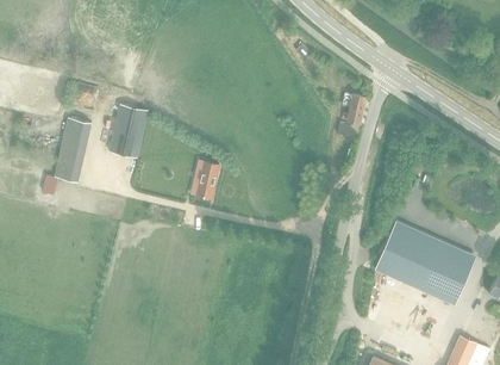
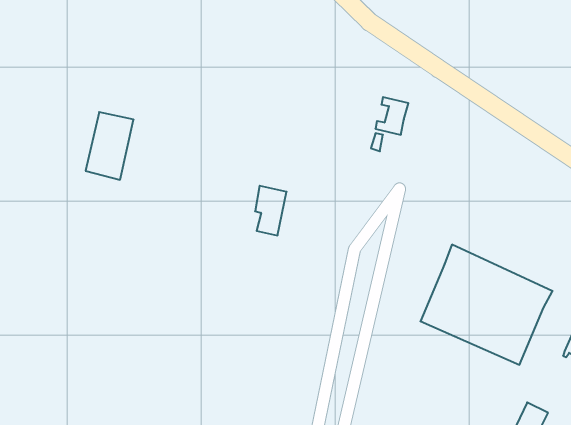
building: [54,119,90,184] -> none
building: [193,161,218,200] -> [255,186,287,235]

